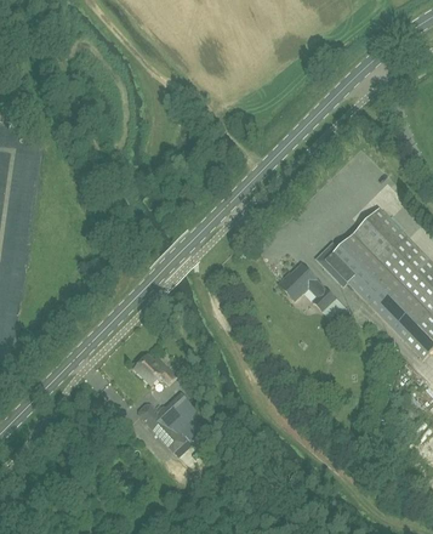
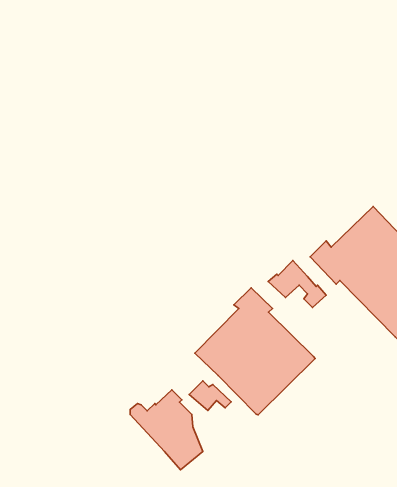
building: none -> [195,288,315,415]
building: [135,354,176,384] -> [189,381,231,410]

